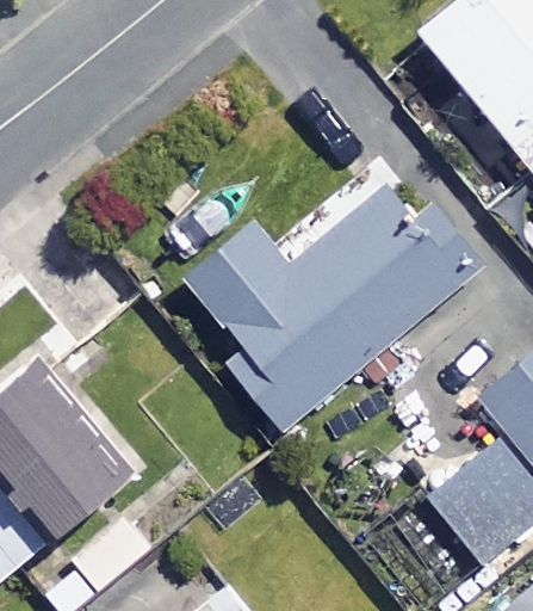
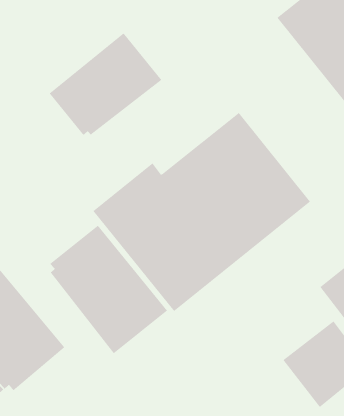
building: none -> [49,32,162,136]
building: none -> [50,225,168,354]

